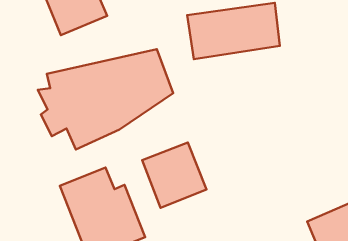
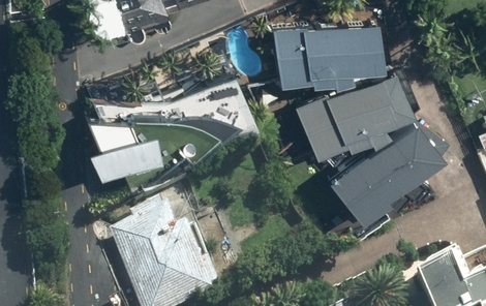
building: none -> [293,62,414,148]
building: none -> [333,119,441,215]
building: [142,142,206,208] -> none

